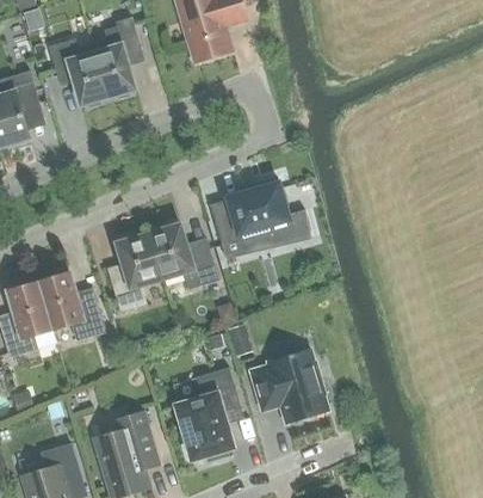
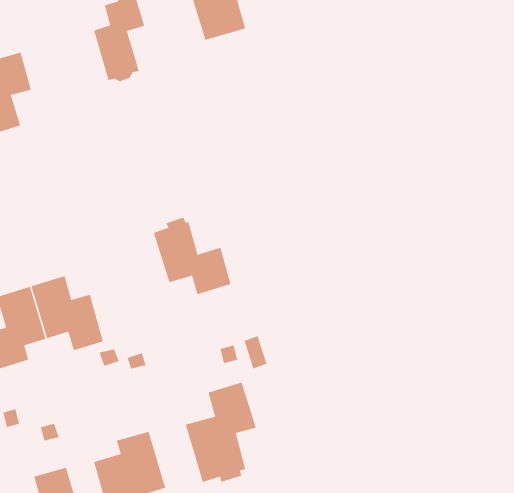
building: [48,39,107,107] -> none
building: [211,177,309,259] -> none
building: [109,233,162,313] -> none
building: [252,350,327,423] -> none

